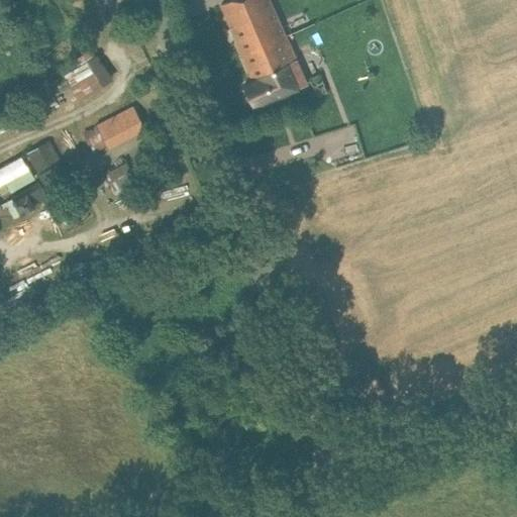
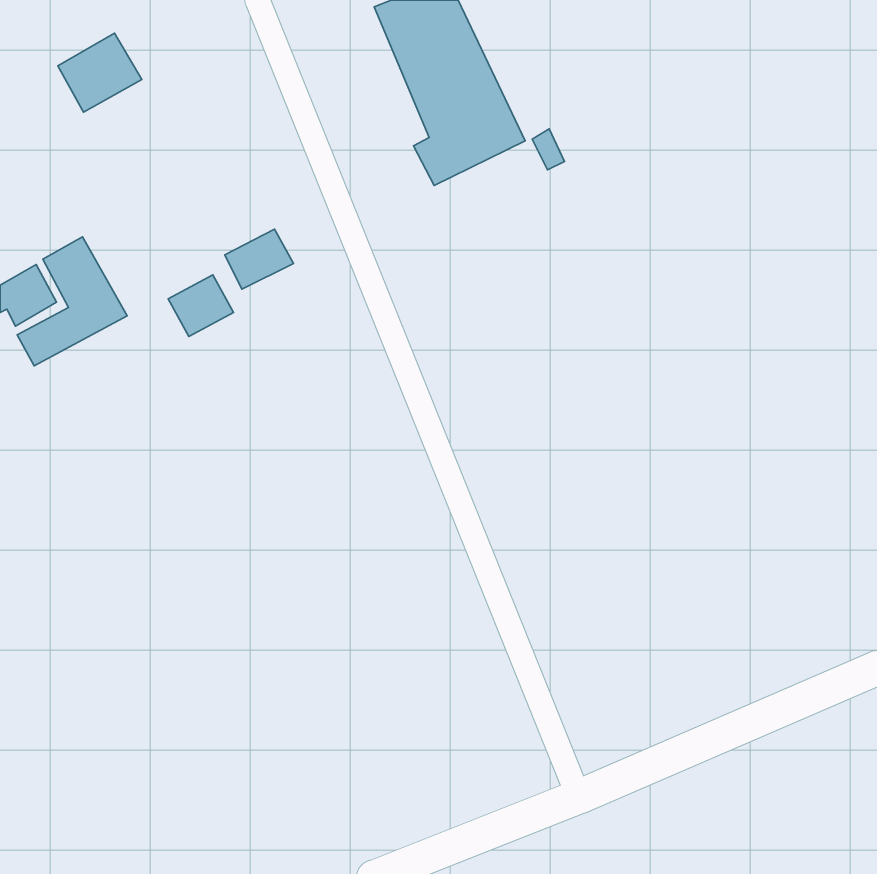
building: [61,55,110,101] -> [58,33,142,112]
building: [100,111,140,146] -> [225,229,293,289]

